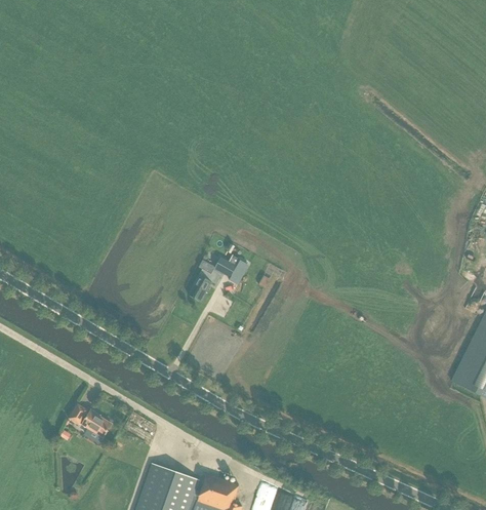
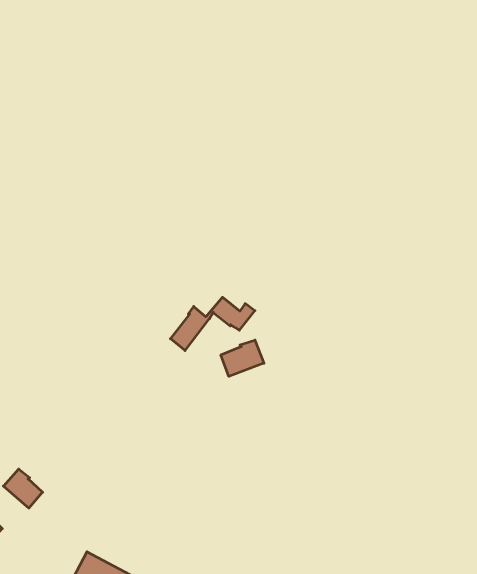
building: none -> [221,340,264,376]

